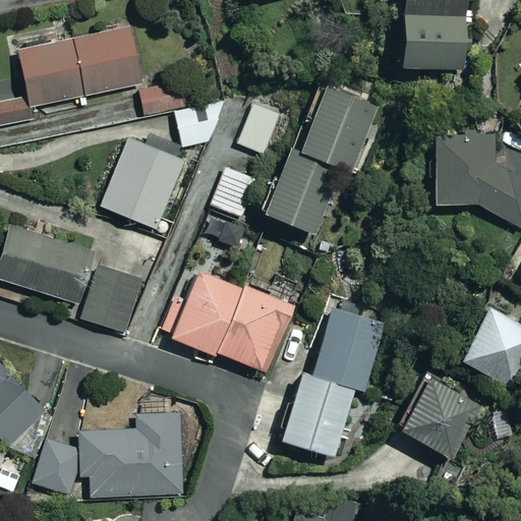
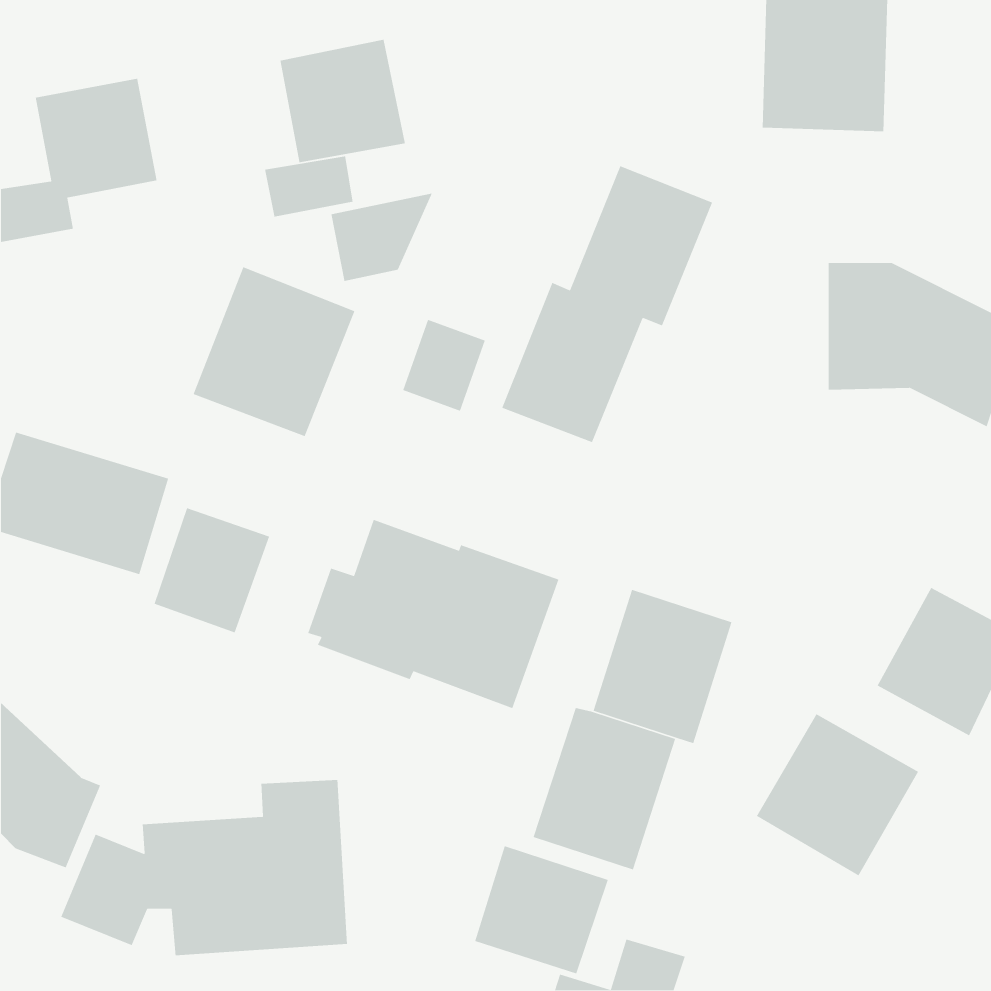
building: [73,30,139,95] -> [279,39,406,163]
building: [237,101,285,155] -> none
building: none -> [474,845,609,975]

